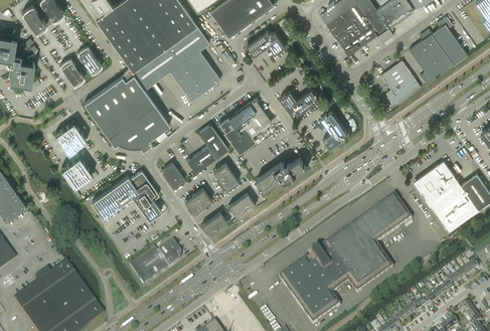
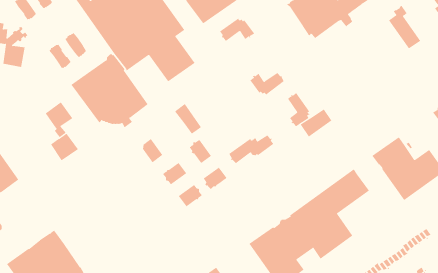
building: [410,28,454,82] -> none
building: [380,59,421,104] -> none
building: [219,97,271,153] -> none
building: none -> [300,109,332,138]
building: [186,145,216,172] -> none
building: [92,170,161,219] -> none
building: [129,240,181,285] -> none

